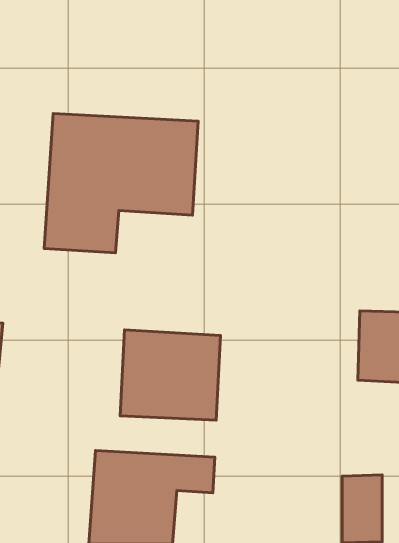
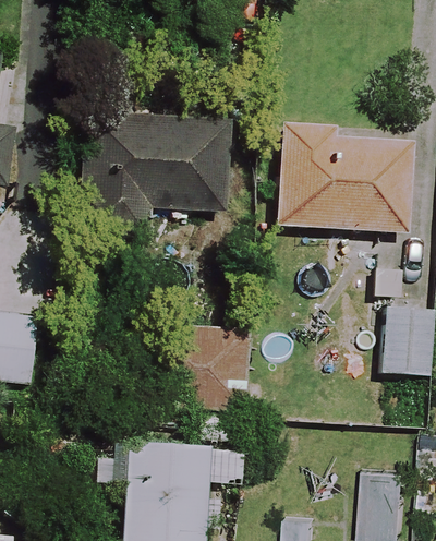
building: none -> [278,130,413,233]

